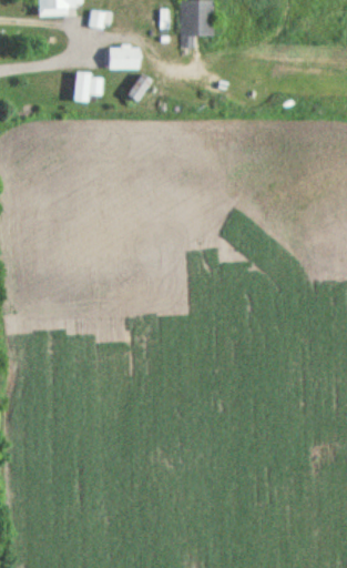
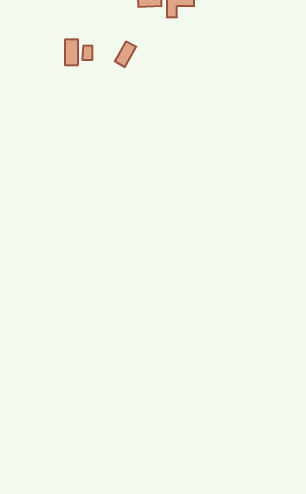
building: [108,47,139,69] -> none

